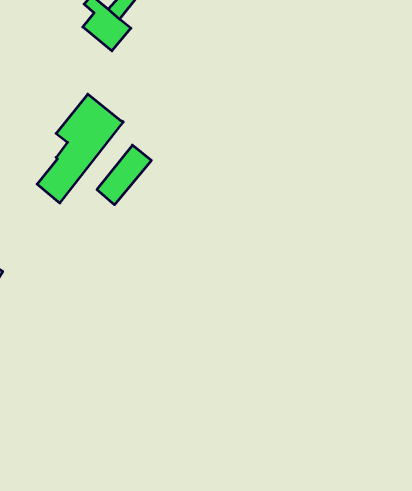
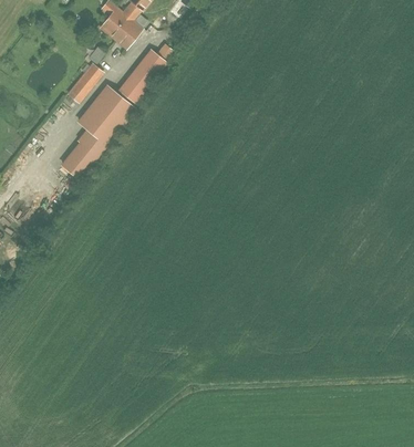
building: none -> [68,62,102,103]
building: [97,145,151,205] -> [118,49,166,101]

